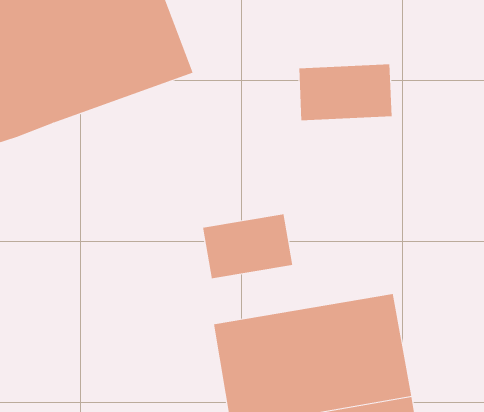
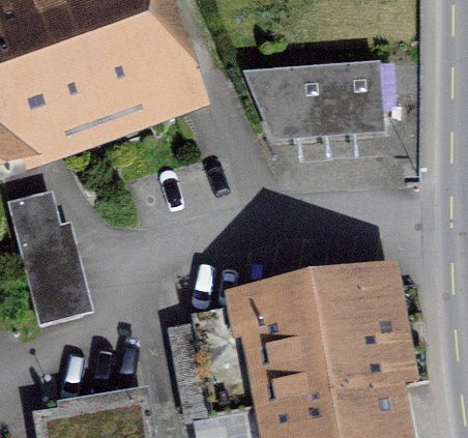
building: none -> [13,196,89,322]
building: [202,213,293,279] -> none

